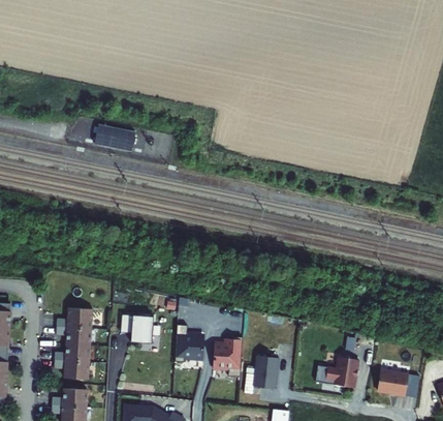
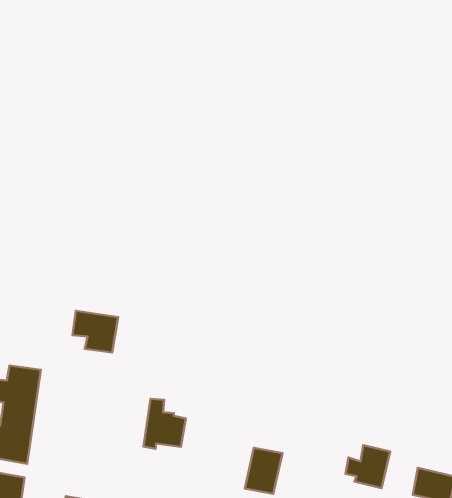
building: [95,124,136,151] -> none
building: [120,314,153,343] -> [72,311,118,353]
building: [212,337,242,377] -> none

